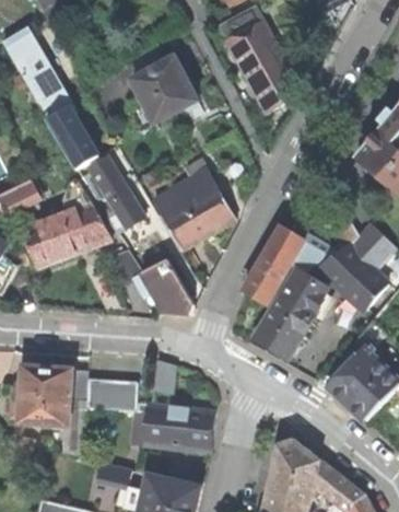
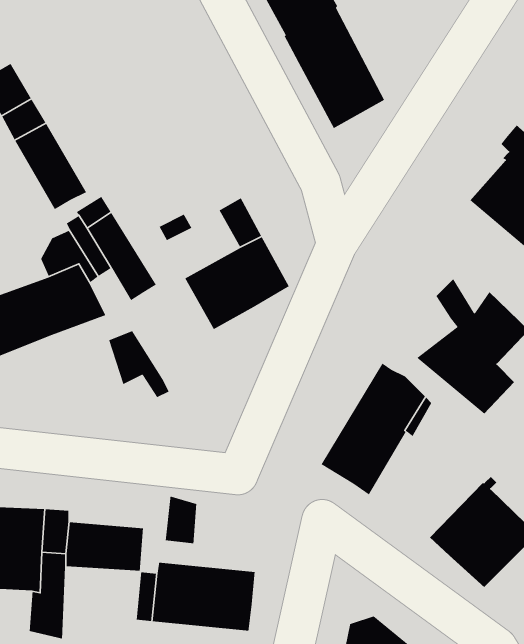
building: [133,58,197,120] -> none
building: [245,228,337,303] -> none
building: [149,268,193,312] -> none

